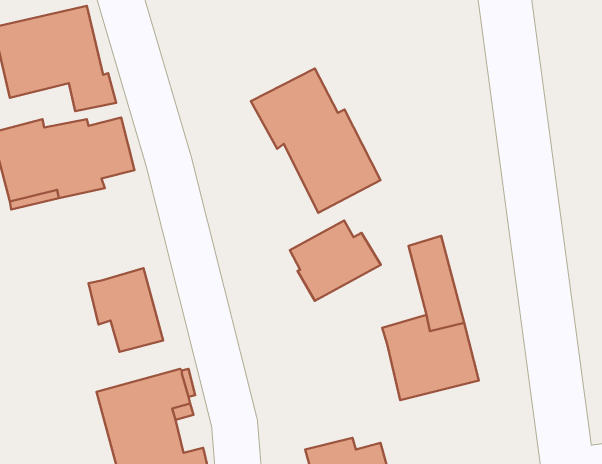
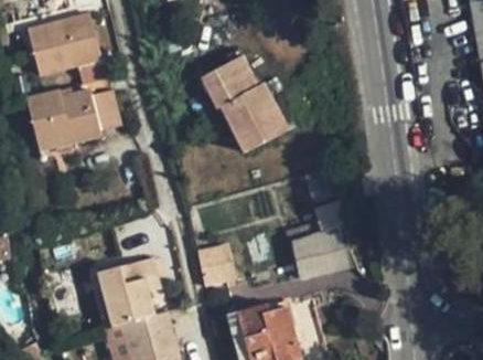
building: [290,220,381,301] -> none
building: [89,268,163,352] -> none
building: none -> [197,245,236,287]

